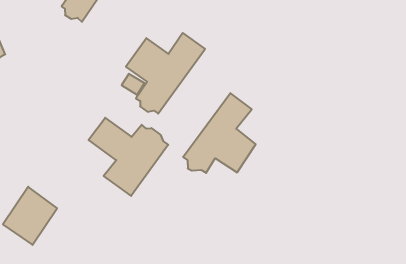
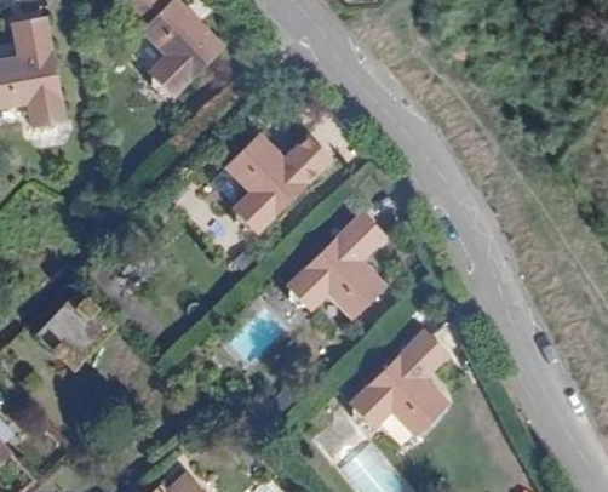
building: [89,118,168,196] -> none
building: none -> [344,331,443,436]

